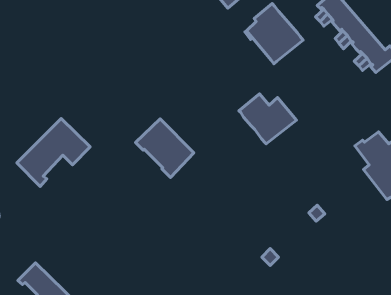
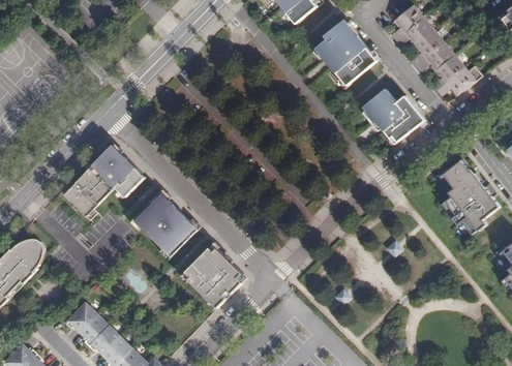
building: [239,94,296,144] -> [364,88,427,143]
building: [136,119,194,177] -> [132,192,197,256]
building: none -> [184,248,241,308]

